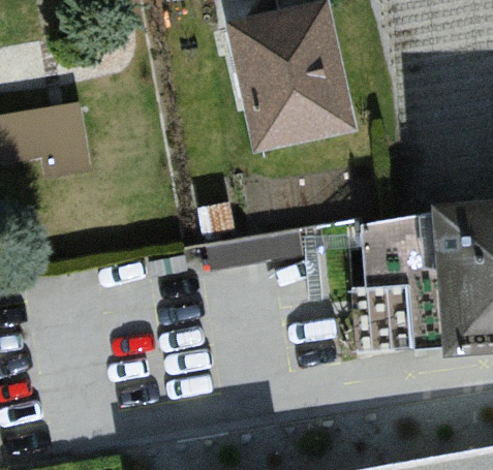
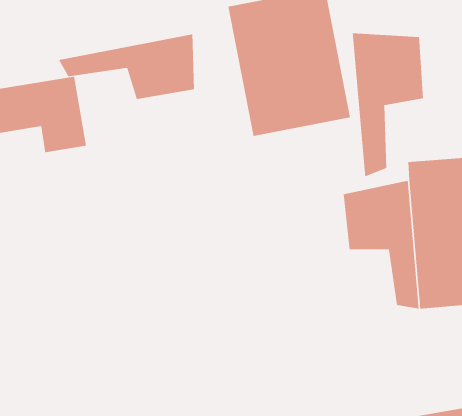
building: none -> [352,33,423,177]
building: none -> [58,34,195,100]

